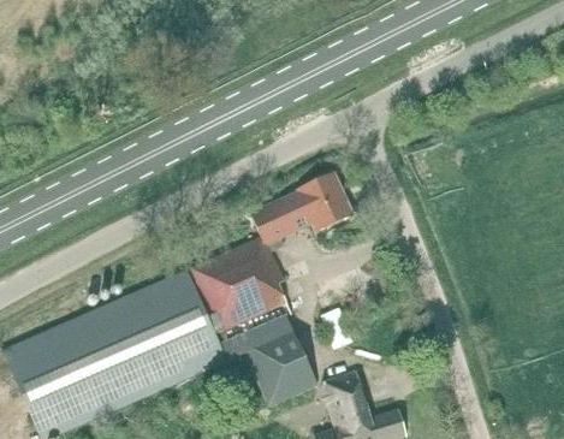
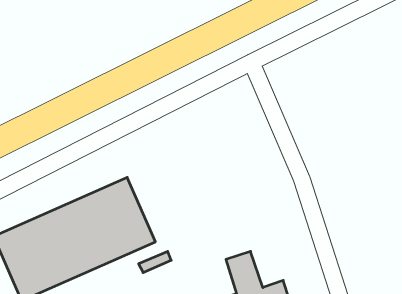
building: [191,172,352,330] -> none
building: [224,314,316,405] -> none

